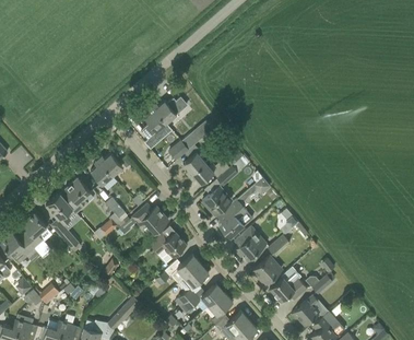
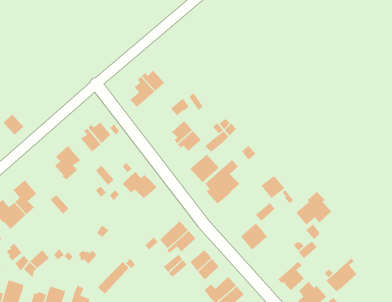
building: [45,194,72,225] -> none
building: [234,225,267,260] -> none
building: [149,231,186,257] -> none
building: [269,267,306,302] -> [295,191,332,226]
building: none -> [326,257,357,292]

